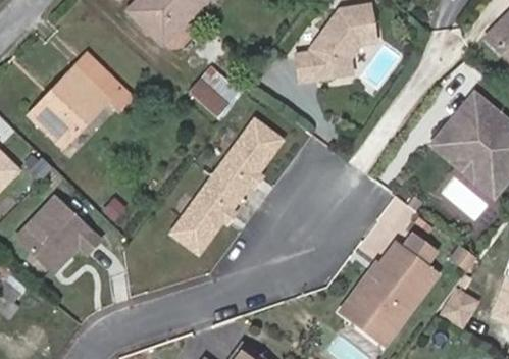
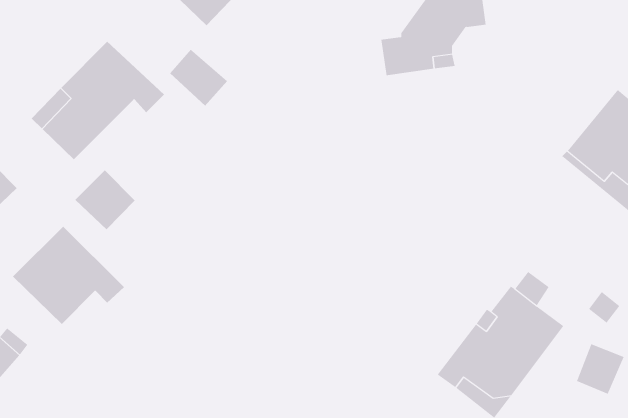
building: [191,70,236,114] -> [169,49,228,107]
building: [171,117,284,254] -> none
building: none -> [75,169,136,230]

